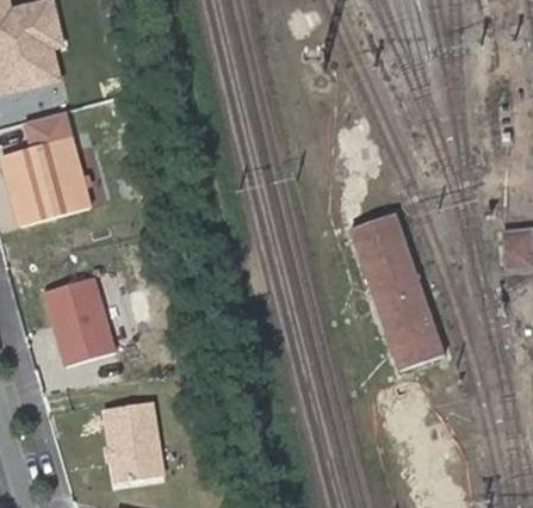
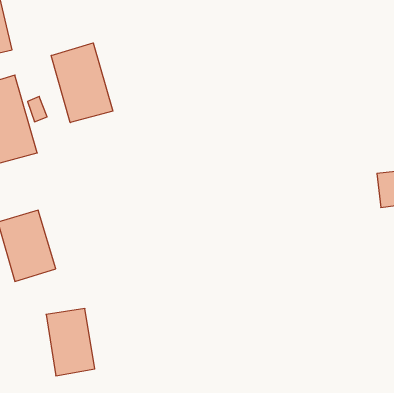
building: none -> [51,43,113,123]
building: [353,215,446,368] -> none

